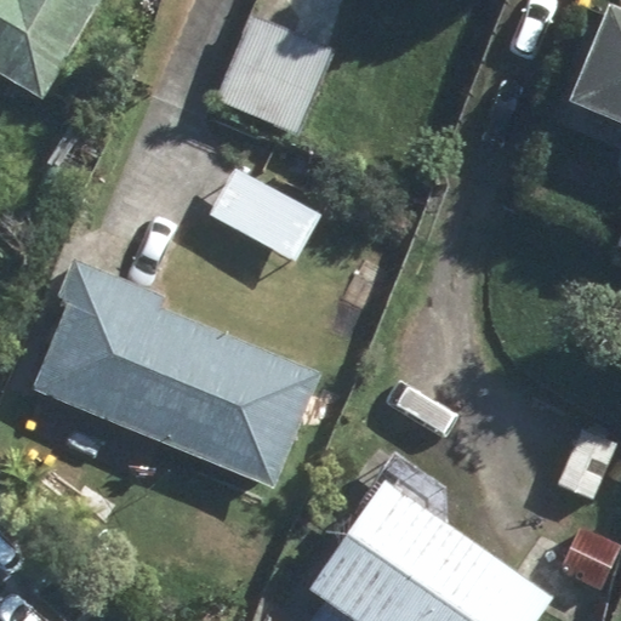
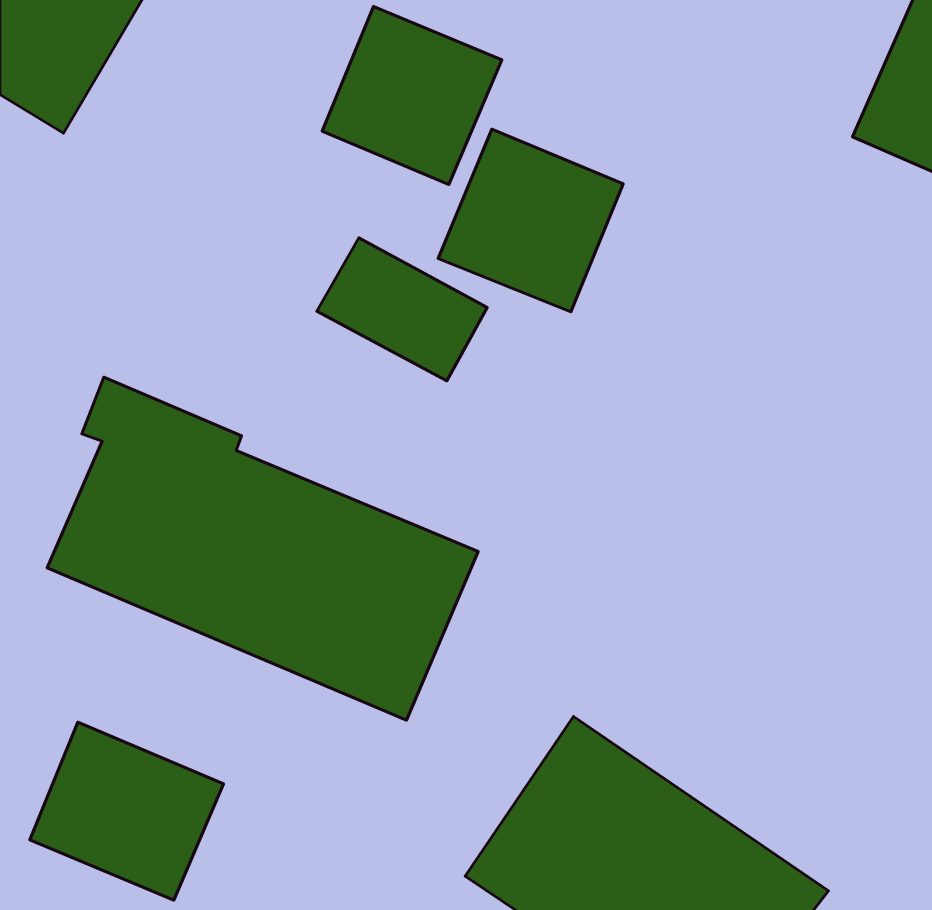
building: none -> [438,129,623,312]
building: none -> [30,722,223,900]

